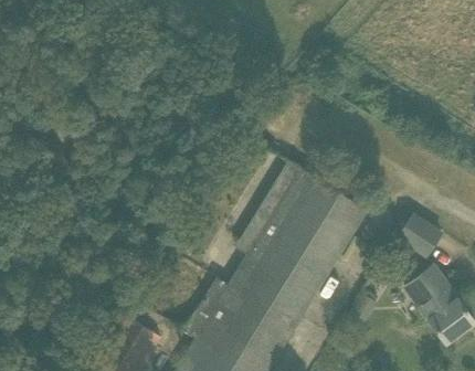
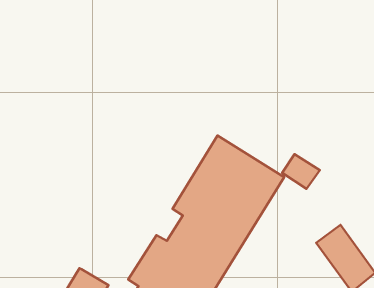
building: [398,215,442,256] -> [282,154,320,189]

